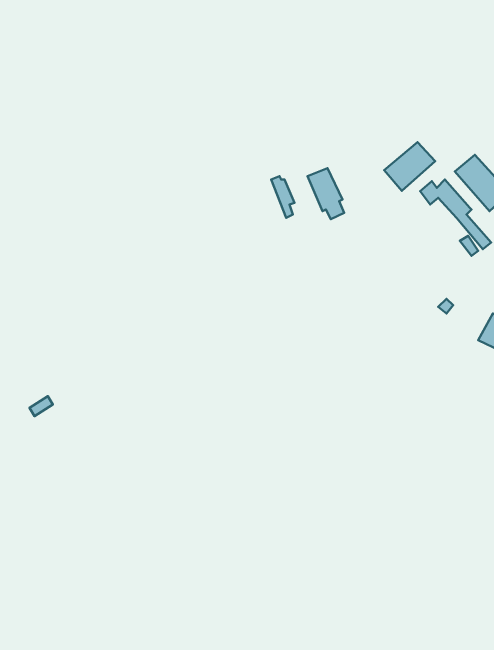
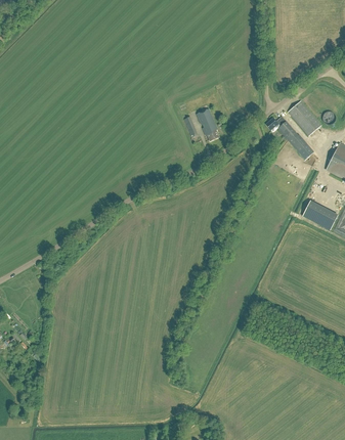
building: [384,142,435,191] -> none

